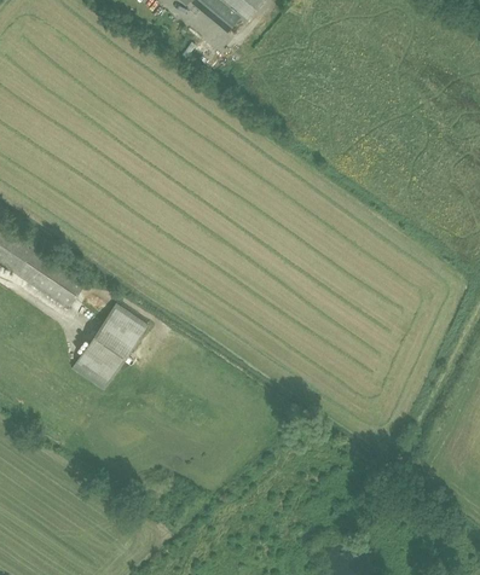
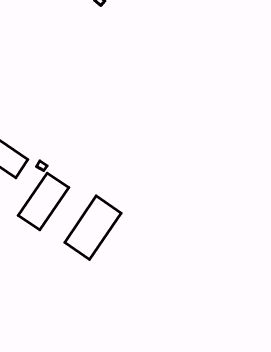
building: none -> [65,196,121,260]

